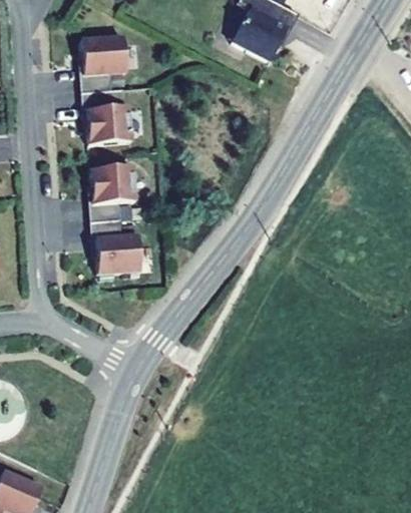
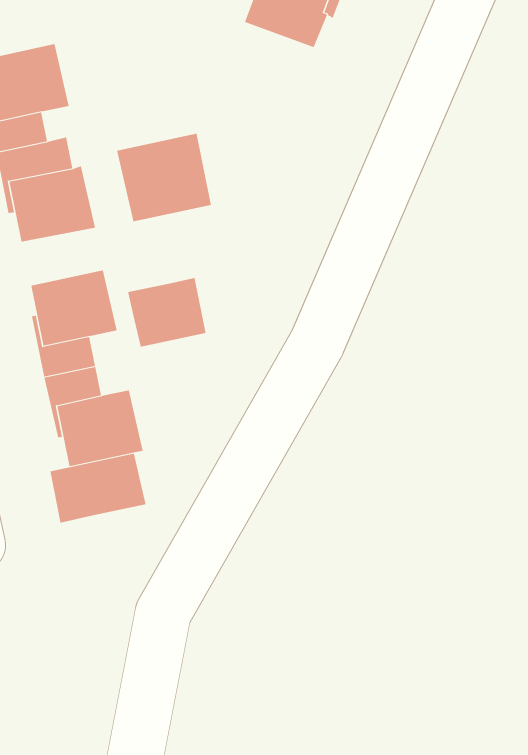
building: none -> [117,133,212,222]
building: none -> [128,277,206,347]
building: none -> [50,453,146,523]

